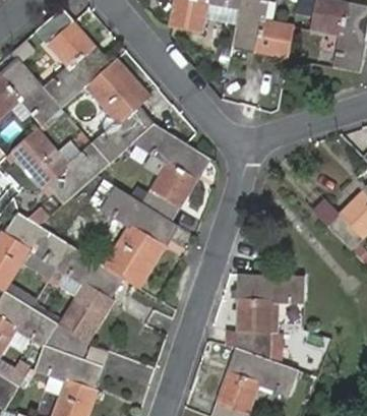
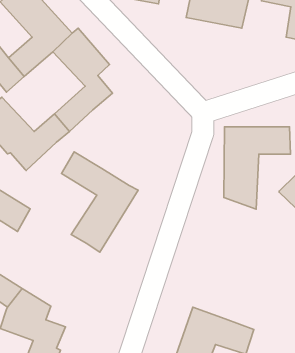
building: [132,125,208,221] -> none
building: [54,245,125,346] -> none
building: [236,274,305,359] -> [224,127,290,209]

